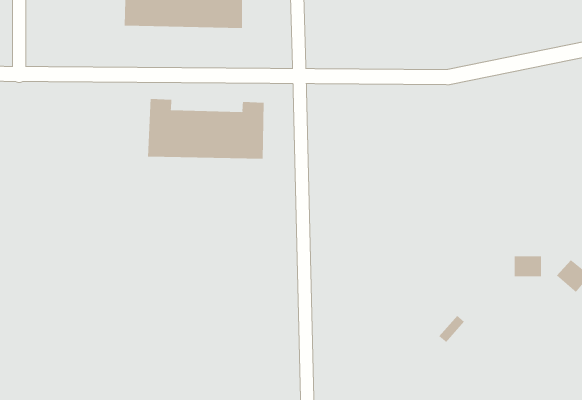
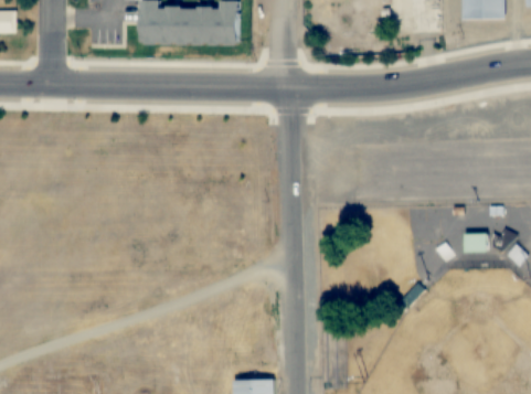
building: [148,98,264,160] -> none

